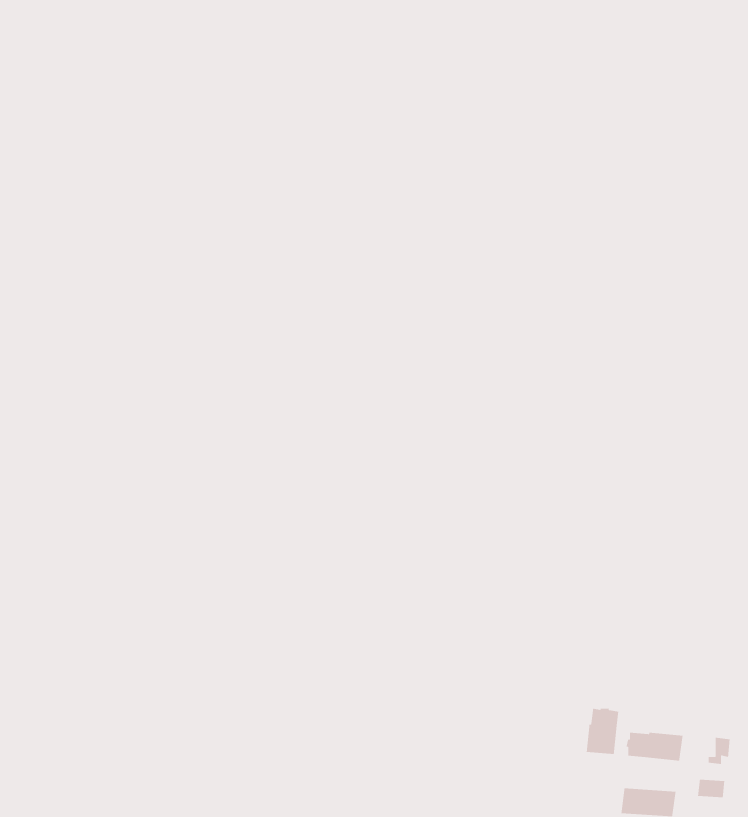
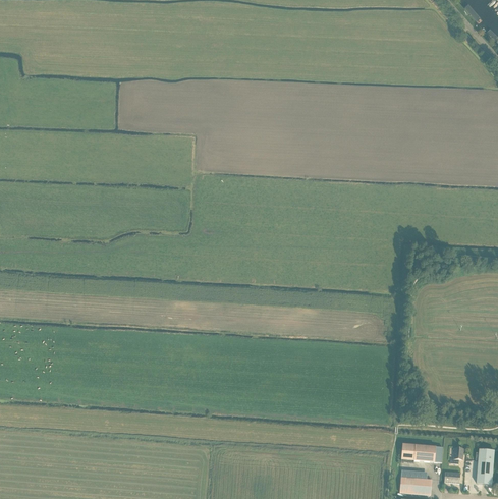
building: [586,708,619,755] -> none

